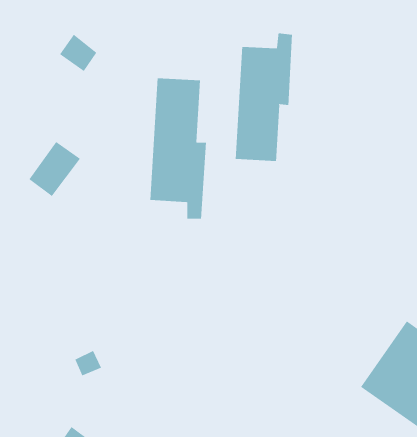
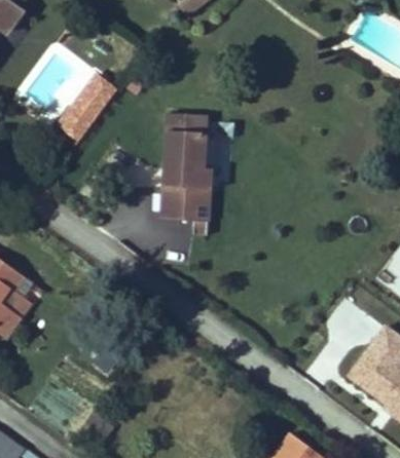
building: [235,33,293,162] -> none
building: [28,141,81,197] -> [60,91,105,140]

